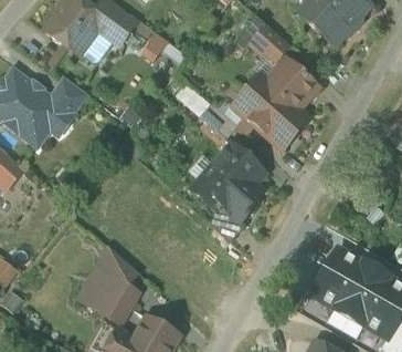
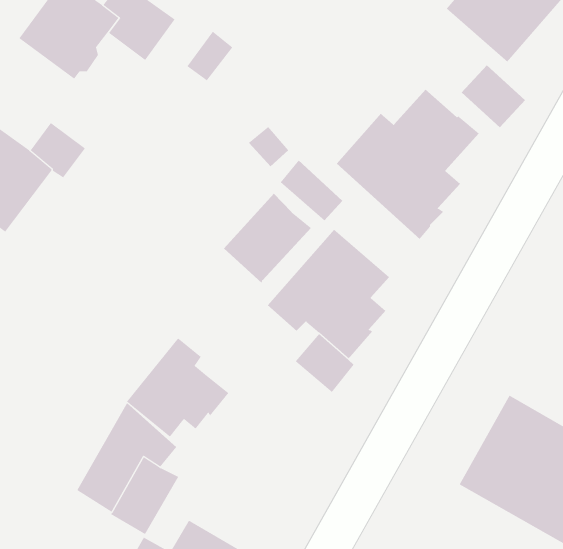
building: [253,19,292,56] -> [461,65,526,128]
building: none -> [223,193,312,284]
building: none -> [126,338,229,438]

